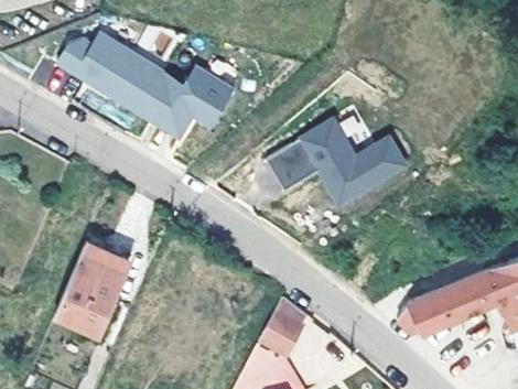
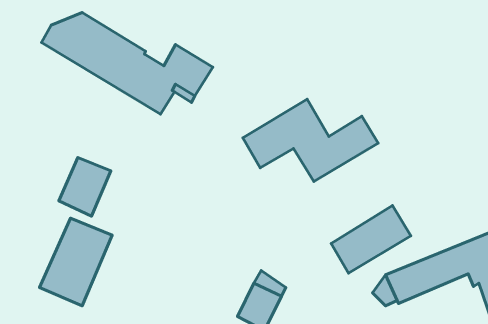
building: none -> [59,157,111,216]
building: none -> [331,206,411,273]

